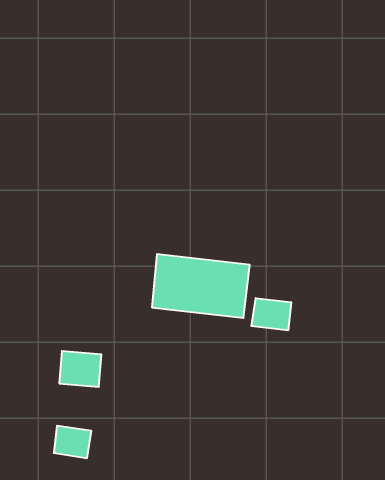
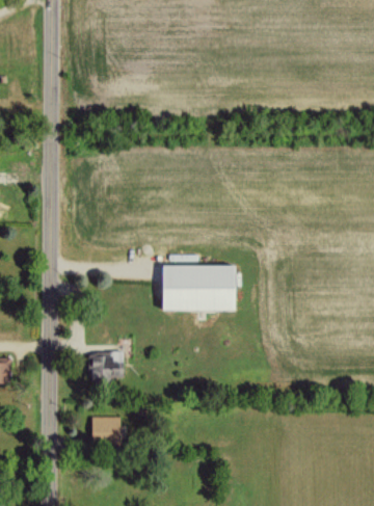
building: [251,298,291,330] -> none

